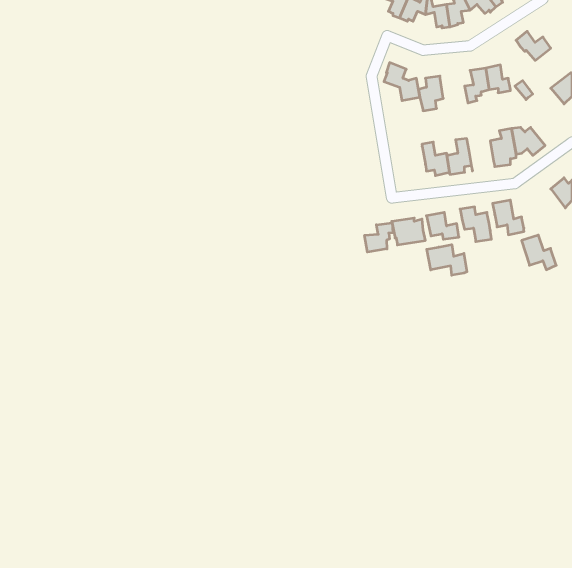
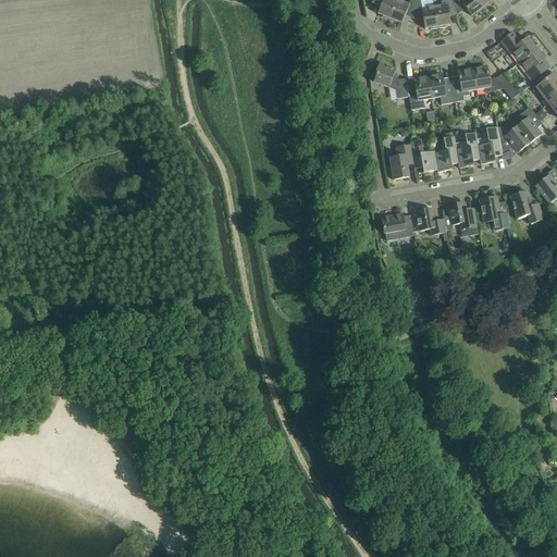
building: none -> [520,47,546,78]
building: none -> [428,72,455,102]
building: none -> [516,106,542,141]
building: none -> [456,131,480,166]
building: none -> [389,143,413,177]
building: [365,223,393,252] -> none
building: [522,235,556,270] -> [509,188,543,222]
building: [427,245,467,275] -> none

